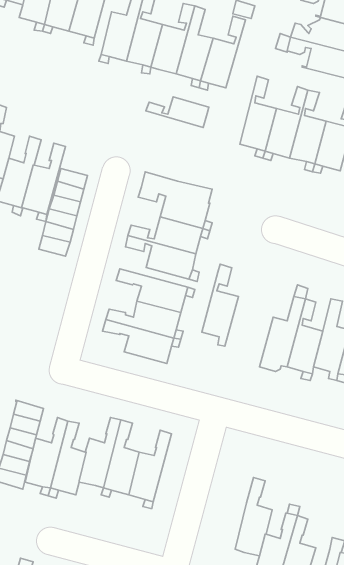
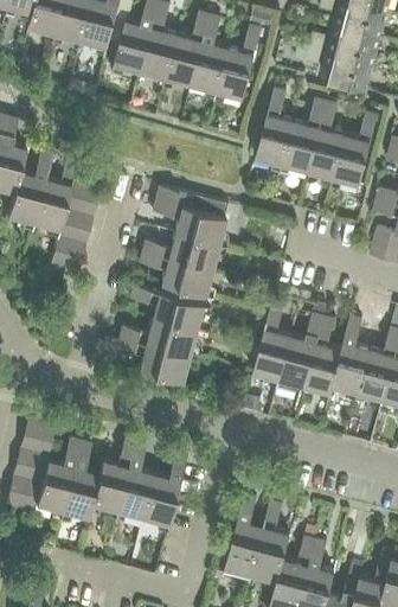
building: [146,97,209,127] -> none
building: [202,264,239,346] -> [252,302,290,386]
building: none -> [223,493,263,580]

